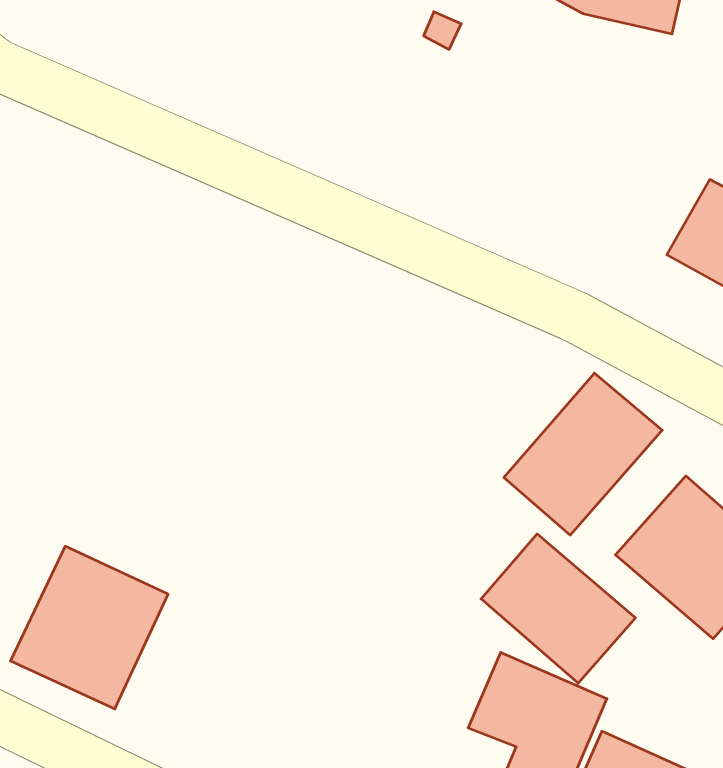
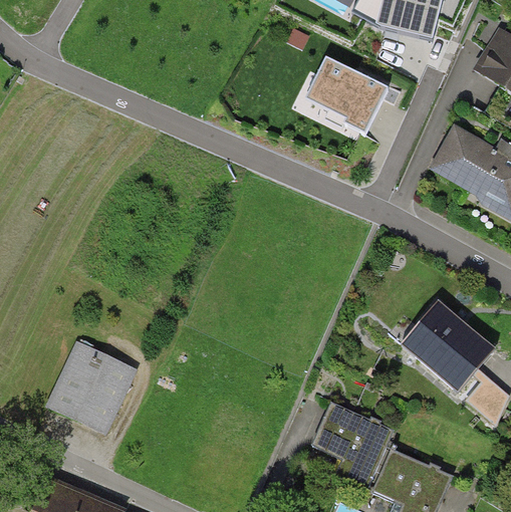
building: none -> [307,58,390,135]
building: [504,373,662,535] -> none
building: [481,534,635,683] -> none

